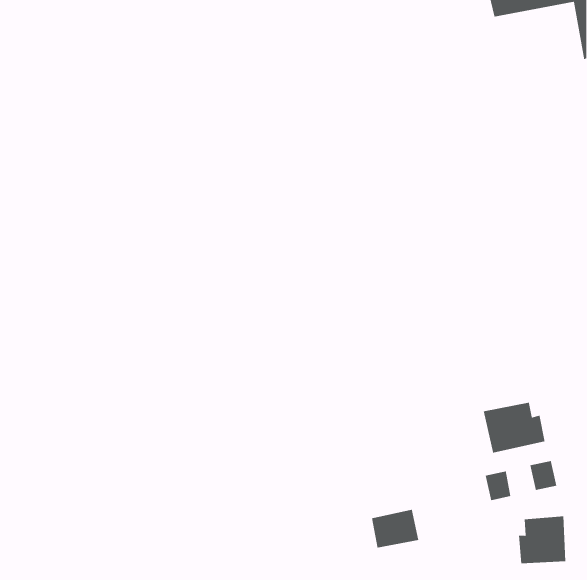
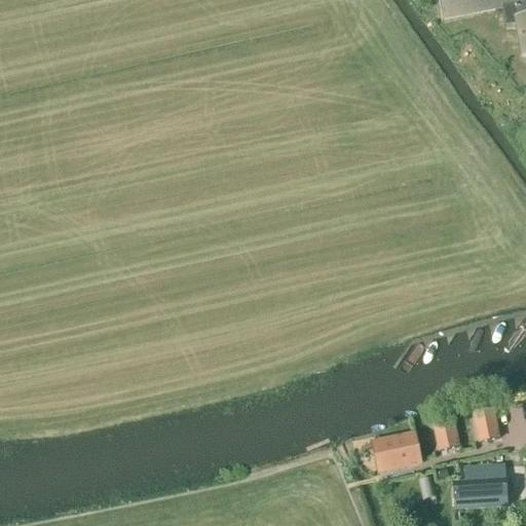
building: [483,402,545,454] -> none
building: [371,509,419,548] -> [377,431,420,466]

